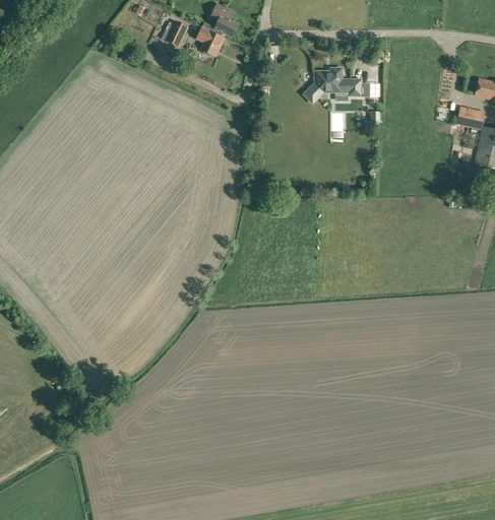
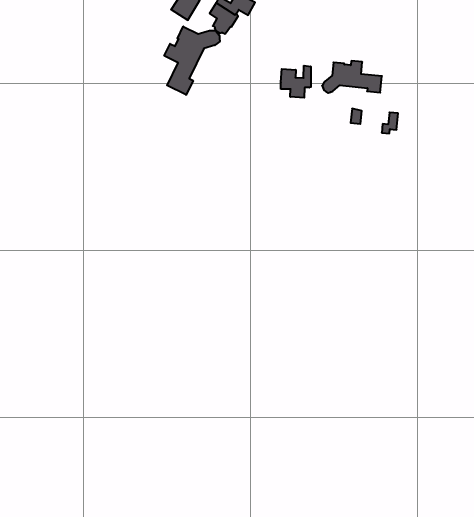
building: none -> [164,26,220,95]
building: none -> [281,66,311,98]

